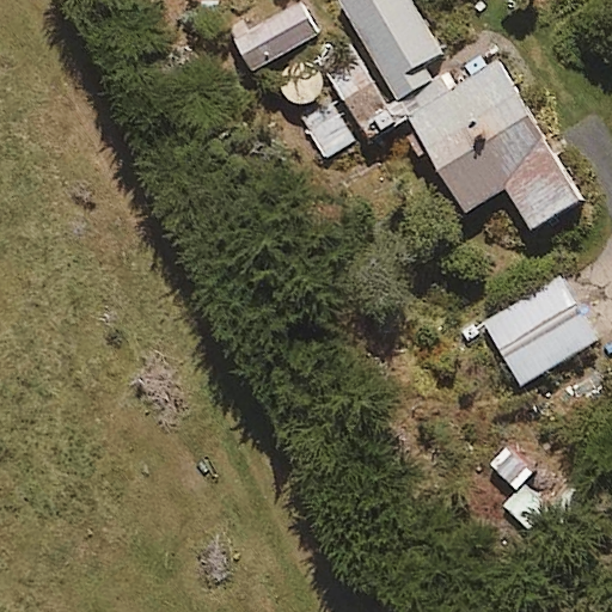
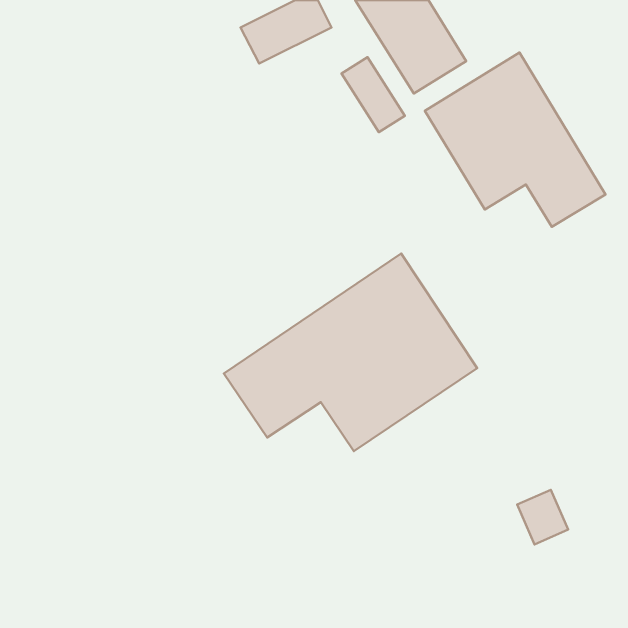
building: none -> [224,253,477,451]
building: [481,277,596,387] -> none

